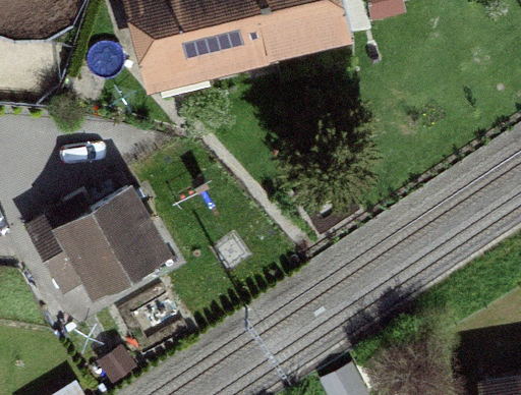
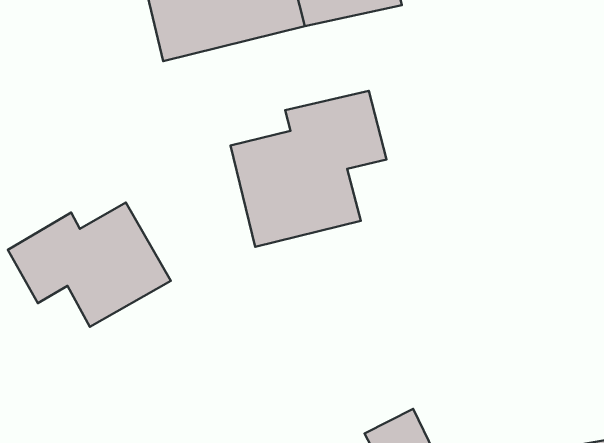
building: none -> [230,91,386,247]

